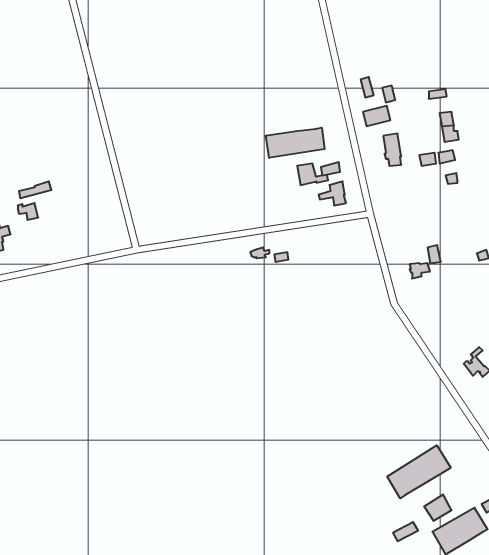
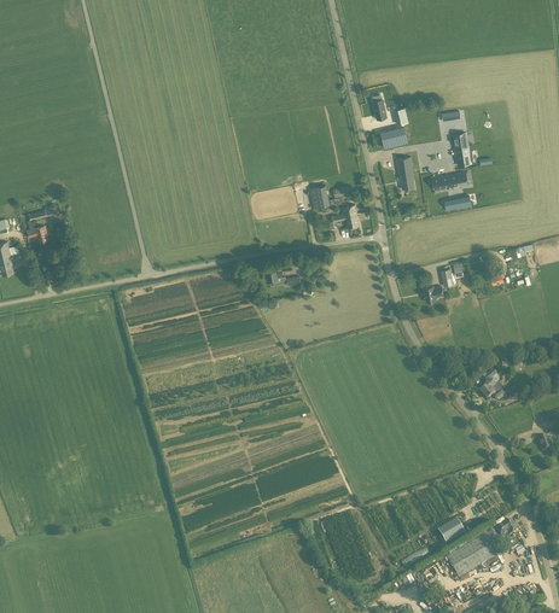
building: [266,128,324,158] -> none
building: [387,445,451,498] -> none

